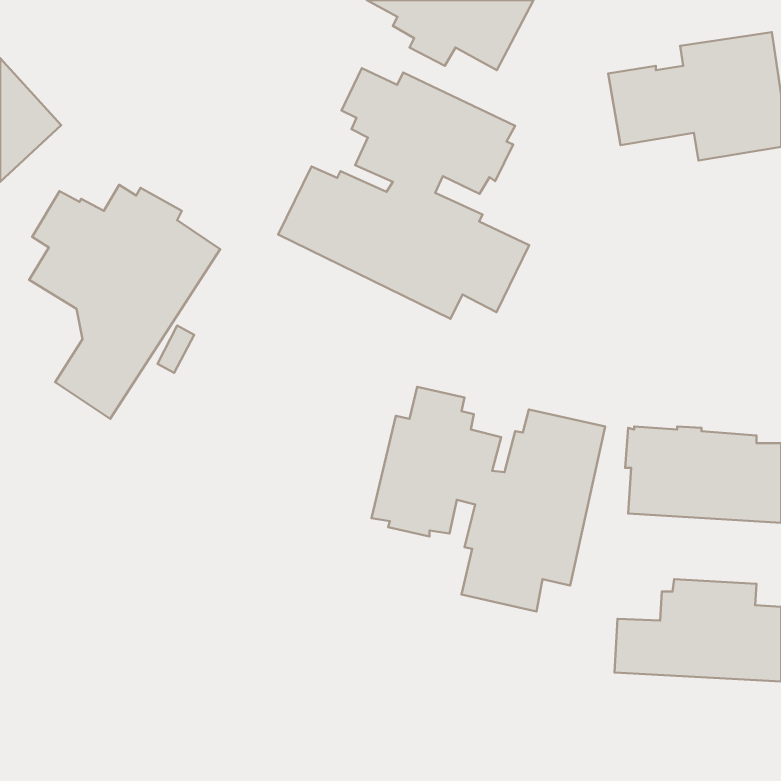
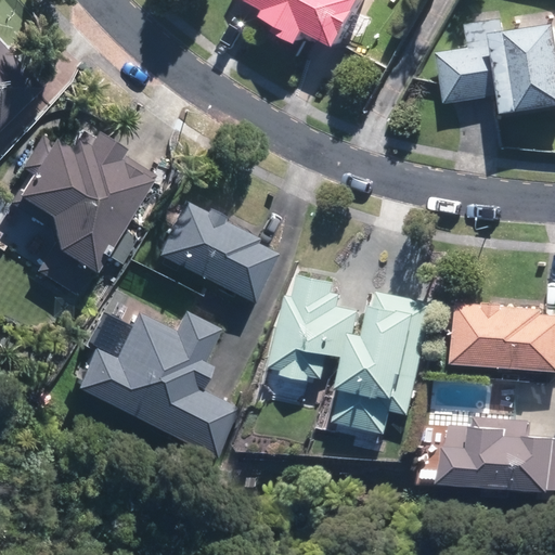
building: [278,68,529,319] -> none
building: none -> [160,202,281,304]
building: none -> [79,311,243,460]

